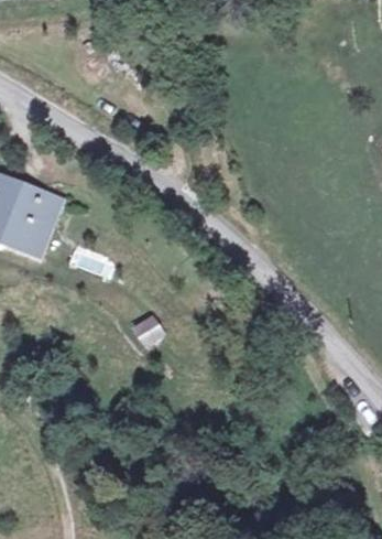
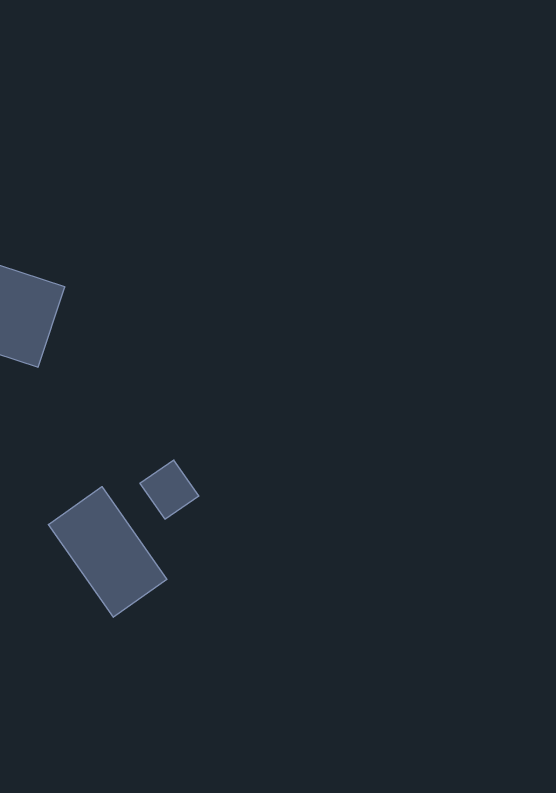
building: none -> [48,487,167,617]

